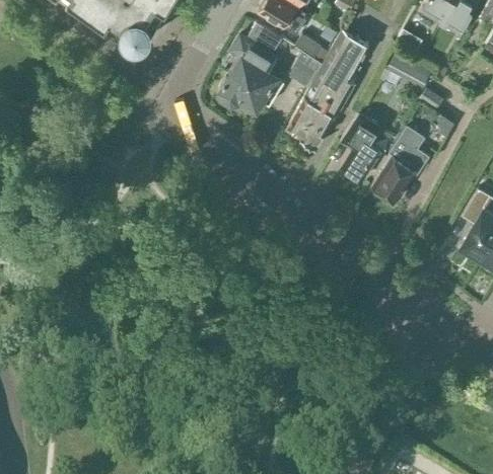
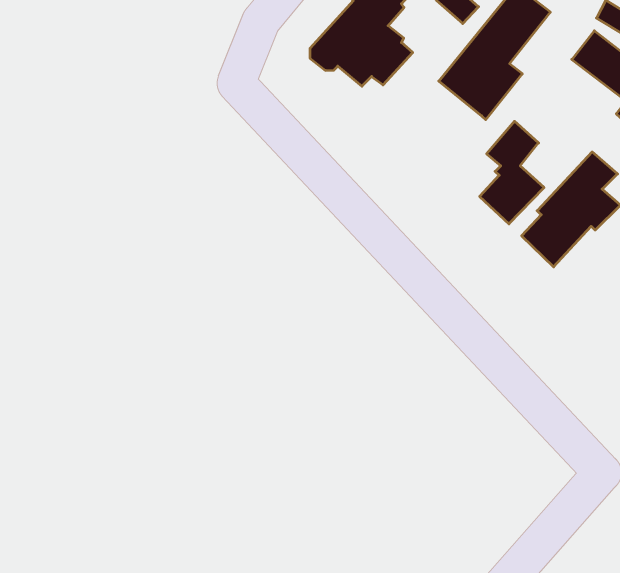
building: [286,51,322,88] -> none
building: [287,97,335,148] -> none

